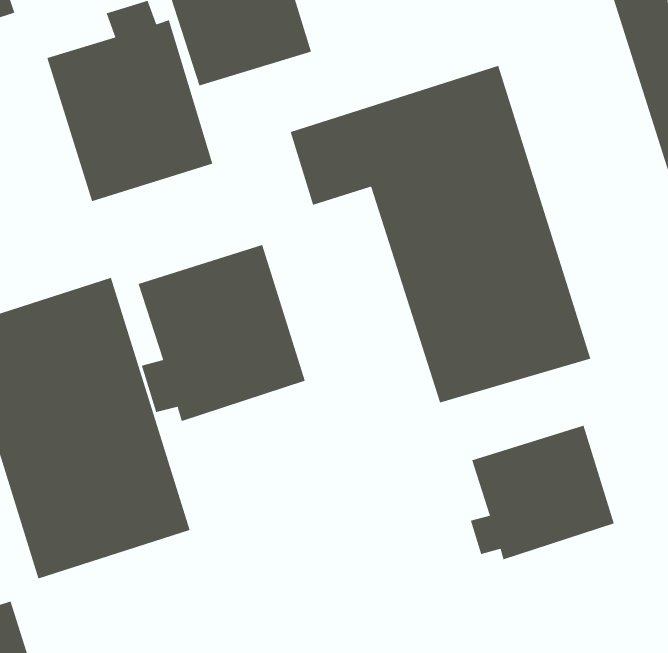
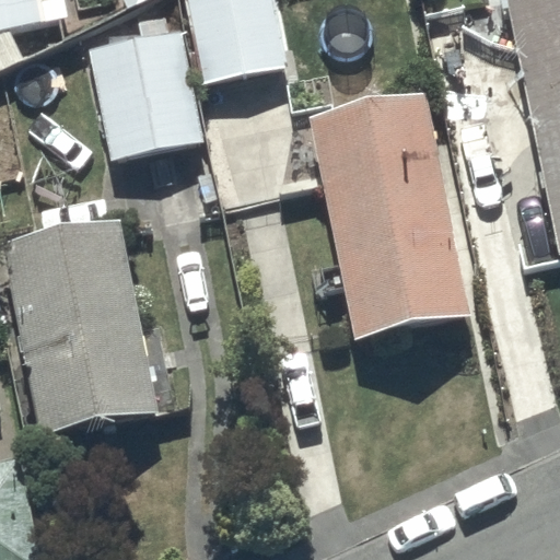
building: [138,244,305,422] -> none
building: [470,425,615,560] -> none

